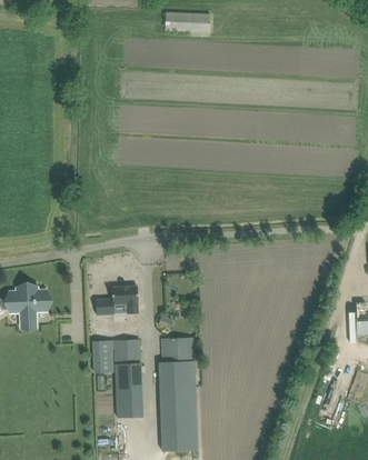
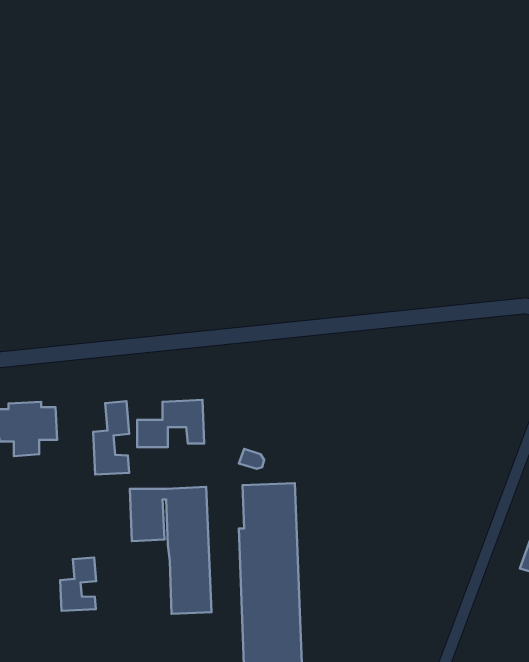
building: none -> [93,401,129,475]
building: none -> [60,557,96,611]

